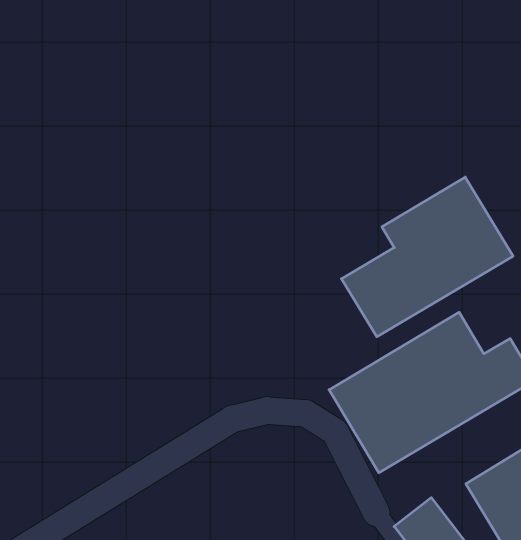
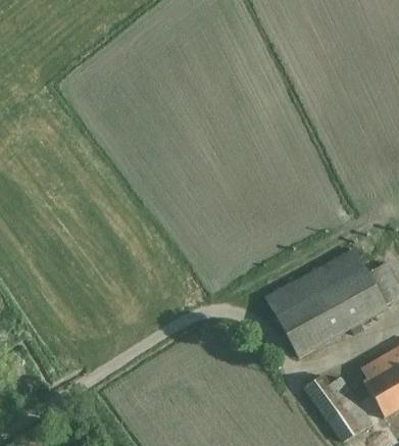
building: [341,177,513,337] -> none

